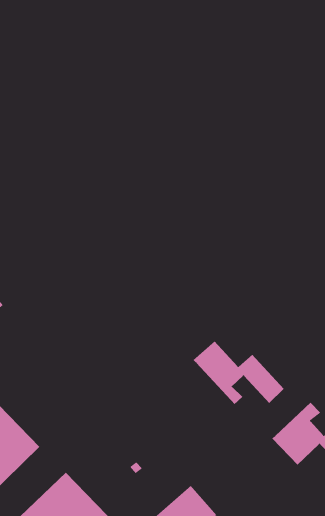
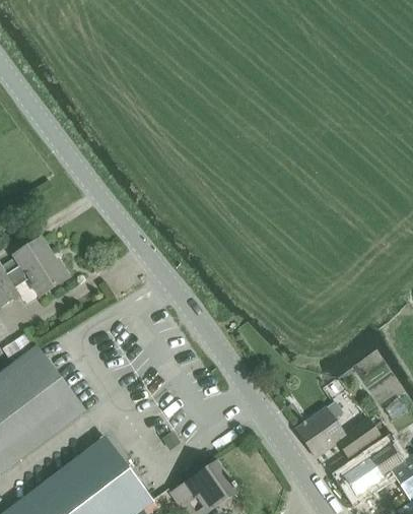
building: [193,340,284,405] -> none

